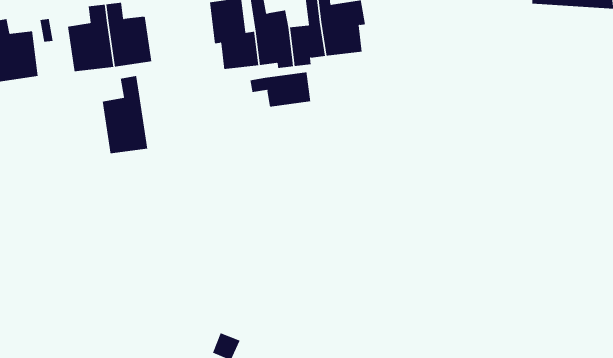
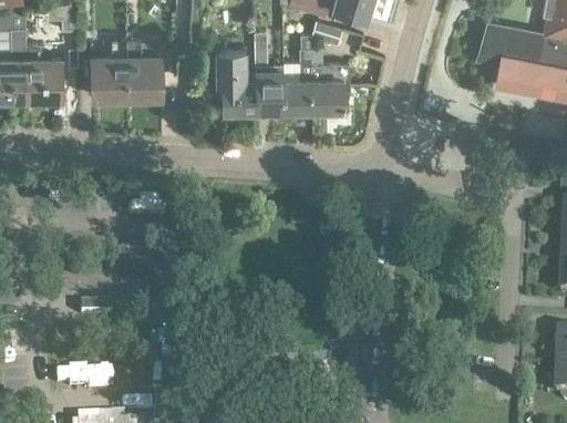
building: [250,72,311,108] -> none
building: [102,75,148,154] -> none

